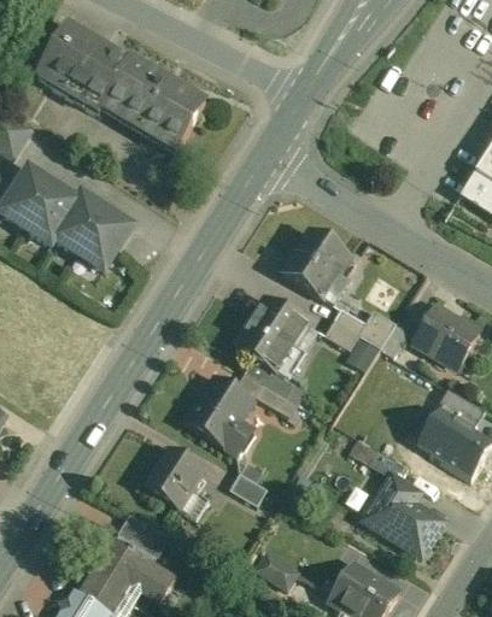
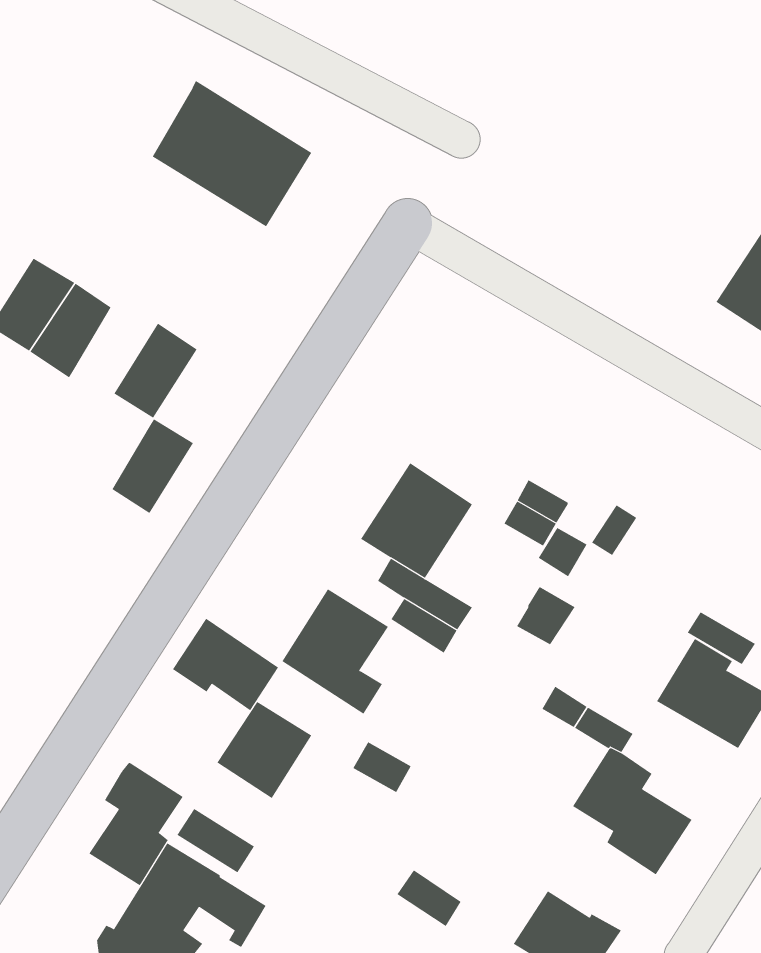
building: [37,23,129,108] -> none
building: [55,192,107,252] -> [112,418,194,514]
building: [283,229,350,296] -> none
building: [414,304,480,368] -> none
building: [359,308,397,346] -> [516,586,575,645]
building: none -> [172,618,279,711]
building: none -> [88,762,183,886]

